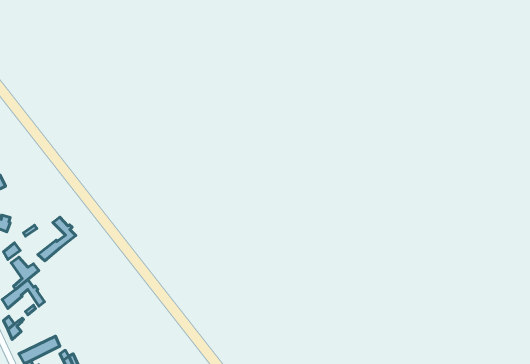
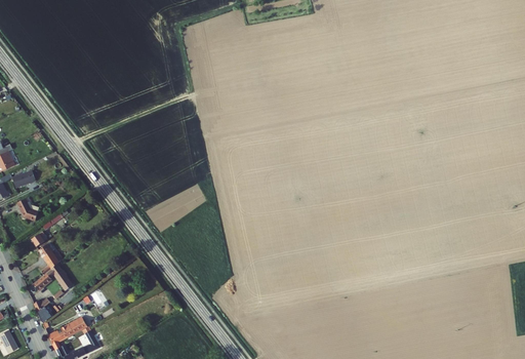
building: [38,217,76,261] -> none

